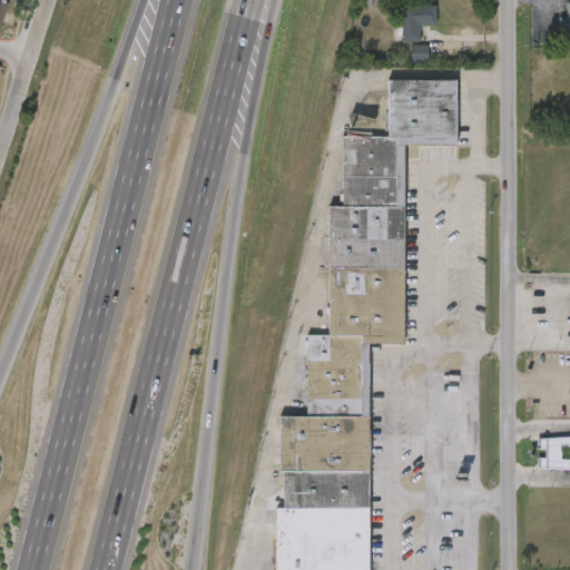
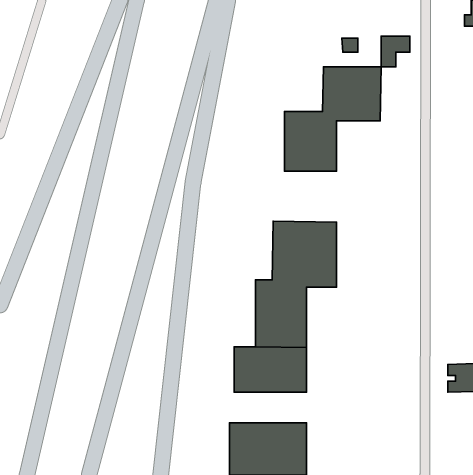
building: [401,7,435,43] -> [381,36,410,67]
building: [330,205,405,266] -> none
building: [283,470,370,507] -> none

